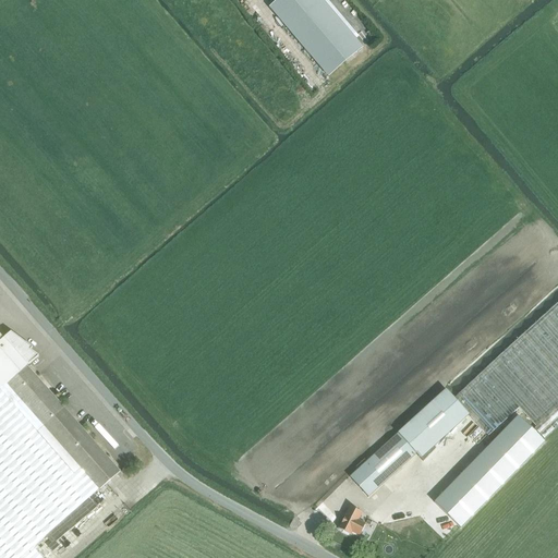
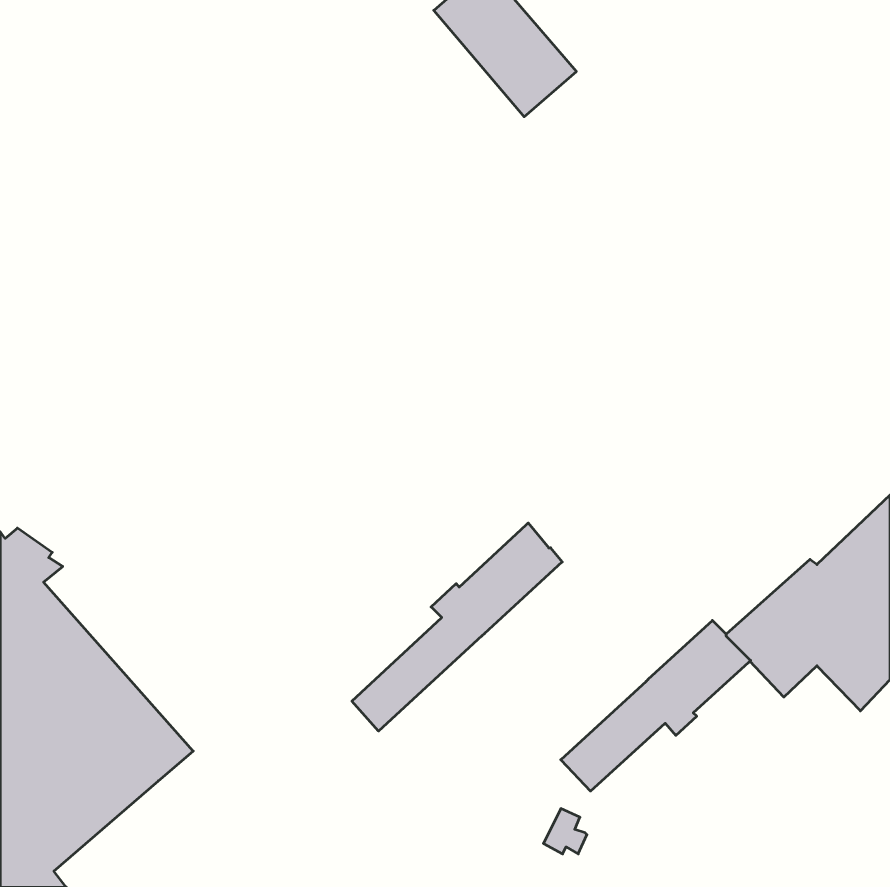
building: none -> [352,523,562,731]
building: [421,425,533,532] -> none

